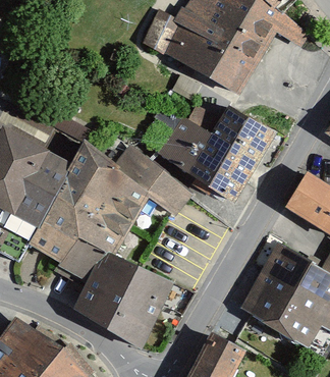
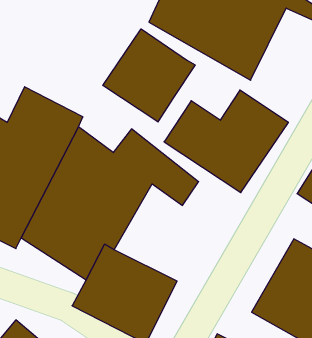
building: none -> [103,29,195,122]

